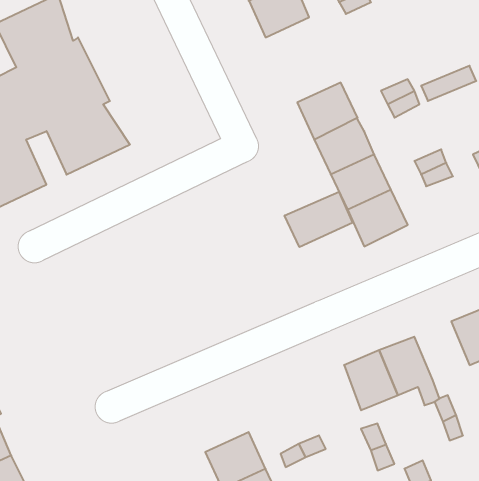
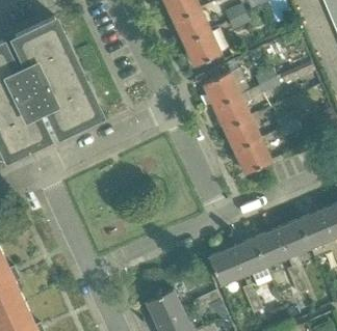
building: none -> [183,32,221,66]
building: [285,192,353,247] -> none
building: none -> [276,221,310,257]
building: none -> [208,248,242,285]

